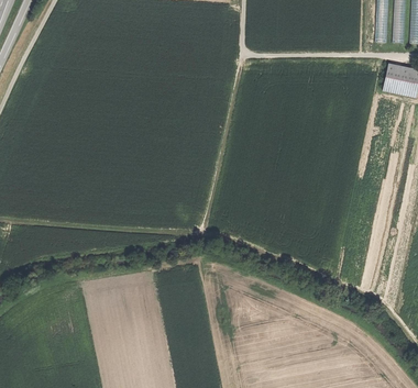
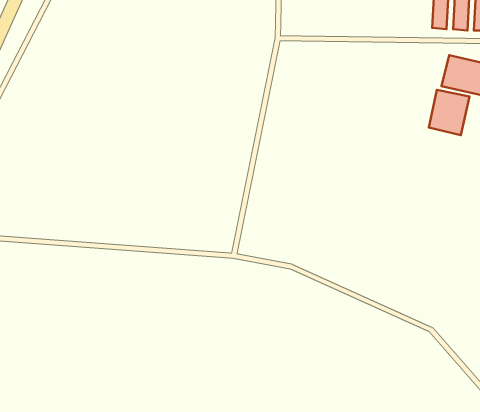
building: none -> [429,90,470,135]

